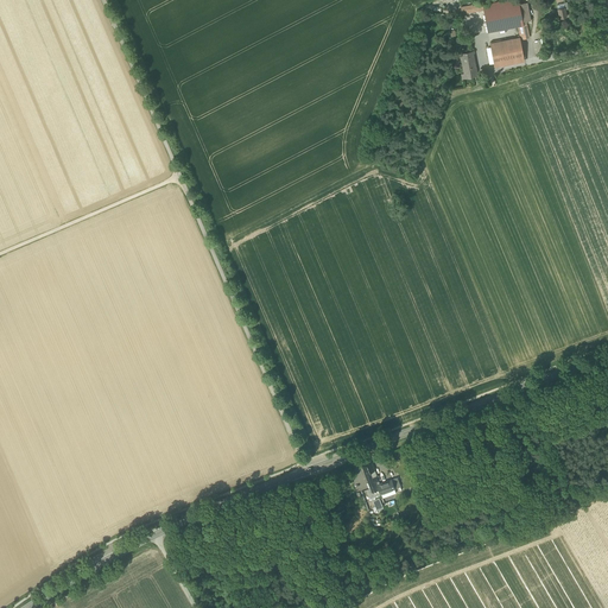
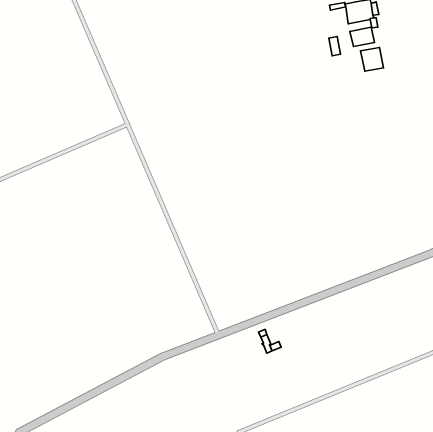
building: none -> [361,48,384,71]

